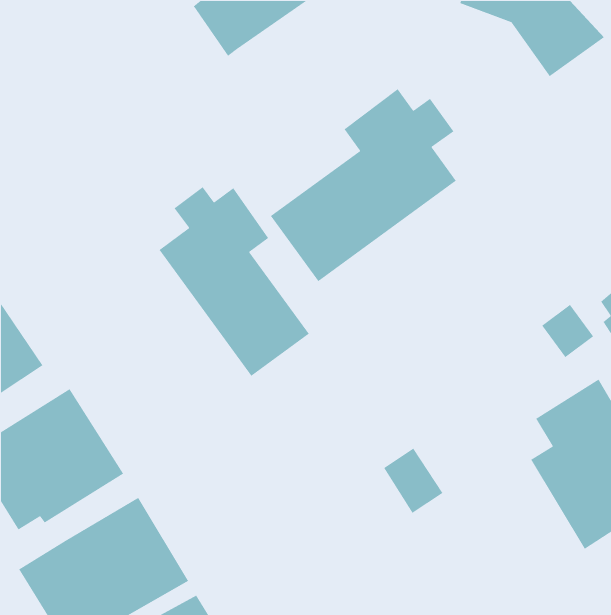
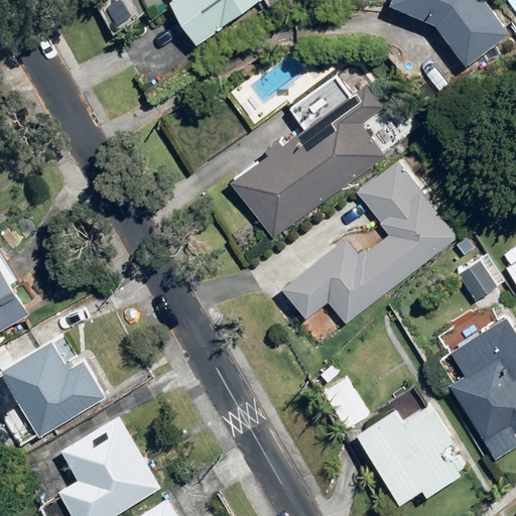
building: [159,186,310,377] -> none
building: none -> [280,159,462,329]
building: none -> [355,404,472,505]

